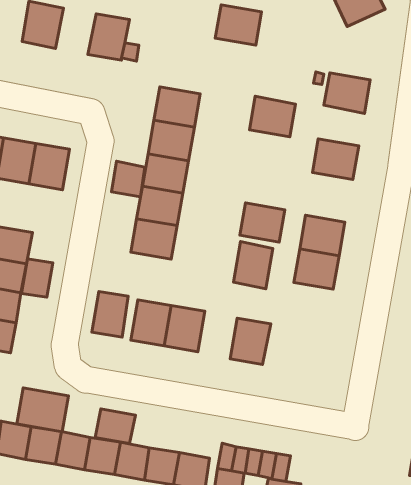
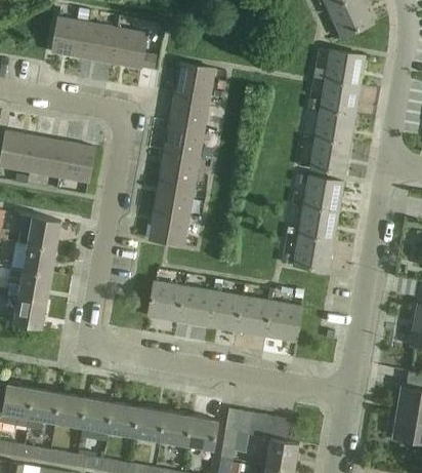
building: [215,5,262,45] -> [174,62,215,97]
building: none -> [82,22,118,63]
building: none -> [325,49,366,85]
building: [249,96,296,137] -> [314,108,355,144]
building: [112,161,145,197] -> none
building: [240,203,285,242] -> [303,176,343,211]
building: [234,242,273,289] -> [208,290,243,332]
building: [21,259,53,297] -> none
building: [92,291,128,337] -> none
building: none -> [265,302,302,343]
building: [17,388,68,432] -> none
building: [95,409,135,444] -> none

